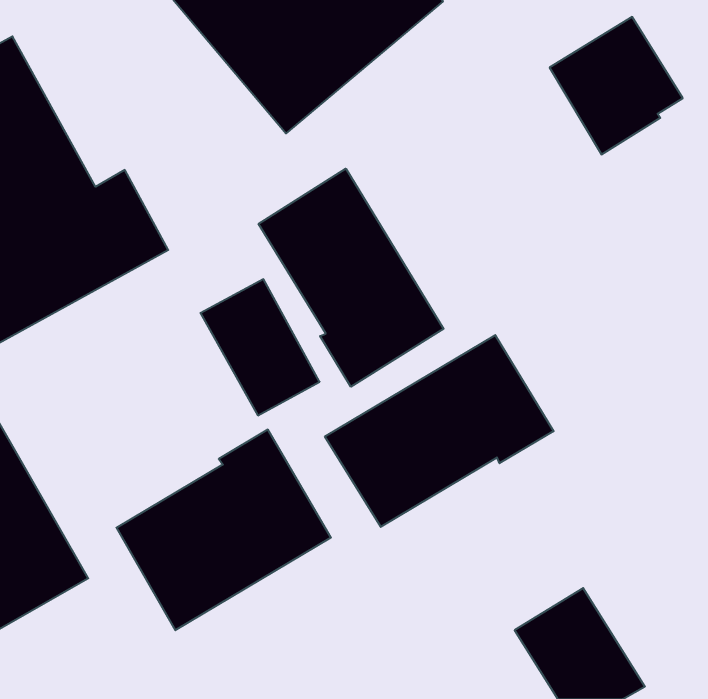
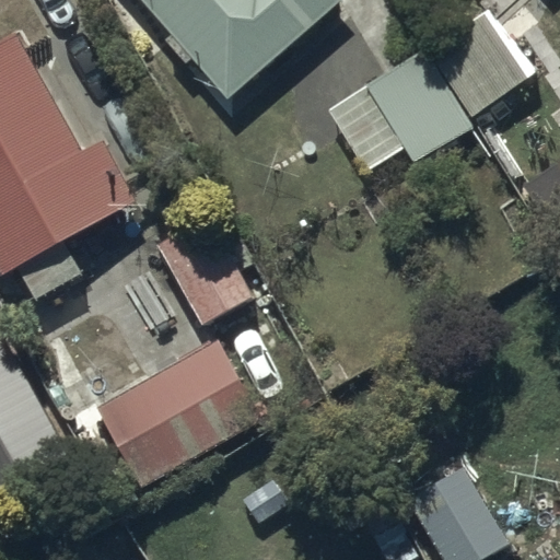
building: none -> [330,54,468,168]
building: [259,169,444,387] -> none
building: [325,335,554,527] -> none

